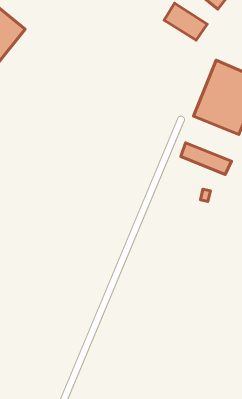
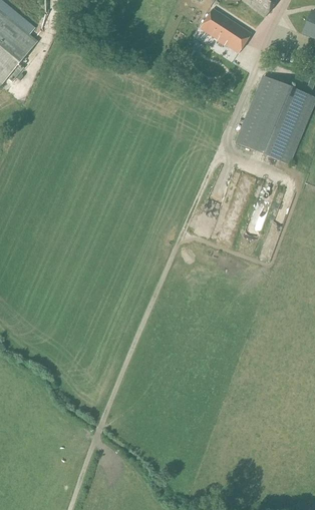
building: [181,143,232,175] -> none

